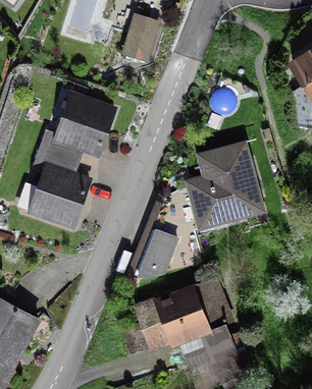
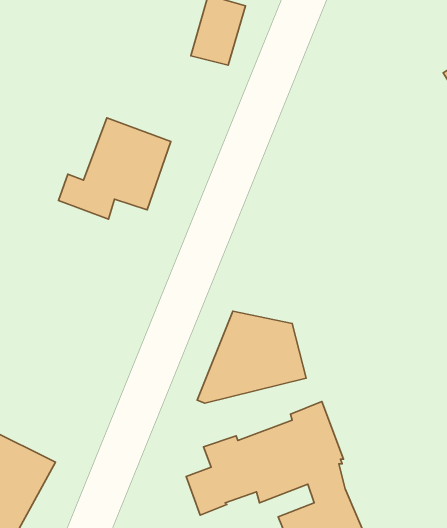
building: [191,144,259,224] -> none
building: [18,147,87,224] -> none

